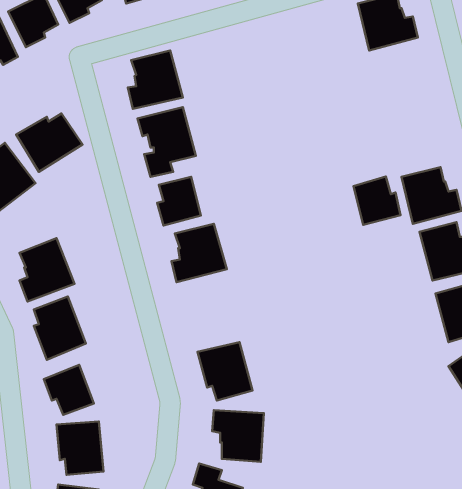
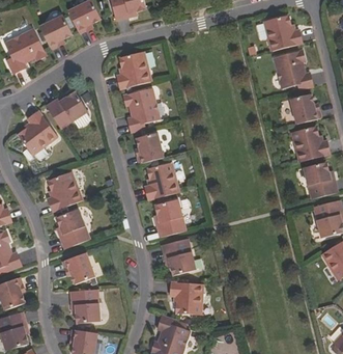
building: none -> [274,49,313,89]
building: [354,176,400,225] -> [290,92,320,124]
building: none -> [153,198,185,237]

